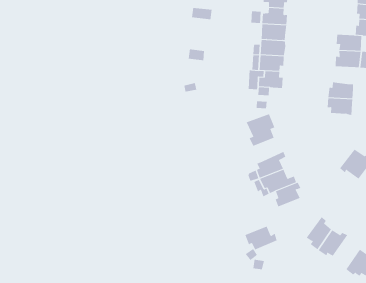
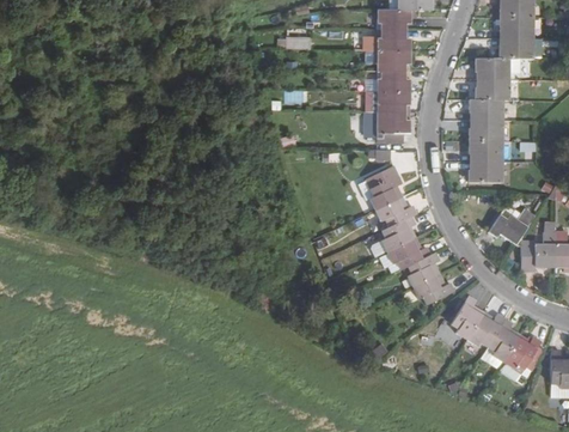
building: none -> [469,99,501,122]
building: none -> [469,162,501,184]
building: none -> [374,197,416,229]
building: [245,226,277,250] -> [411,274,454,306]
building: none -> [487,318,520,363]

